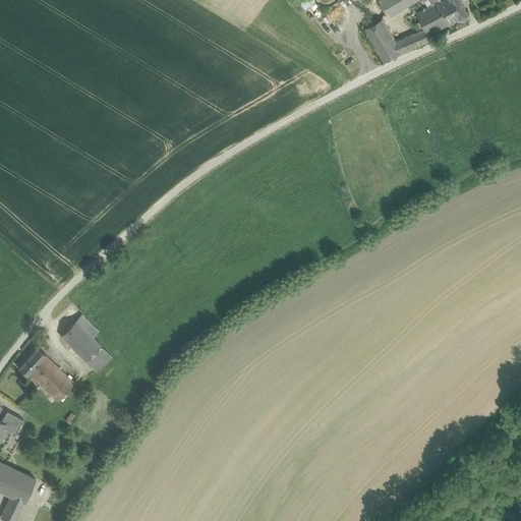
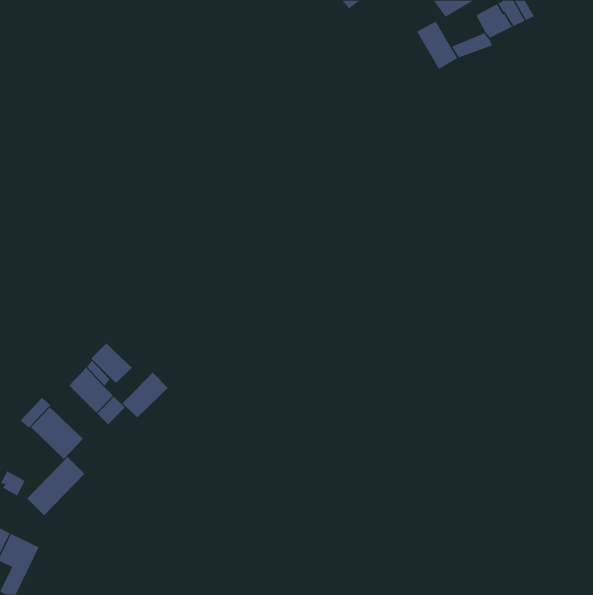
building: none -> [91,343,133,384]
building: none -> [121,372,169,418]
building: none -> [27,456,85,516]

